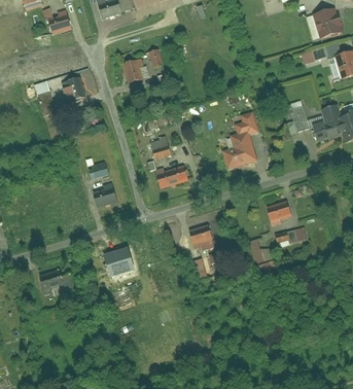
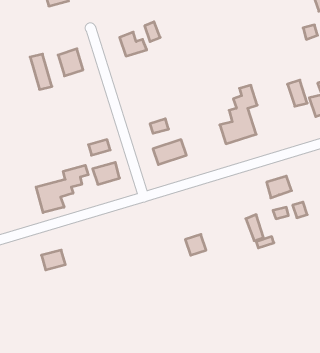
building: none -> [36,165,88,213]
building: [190,225,215,250] -> none
building: [106,249,139,280] -> none

